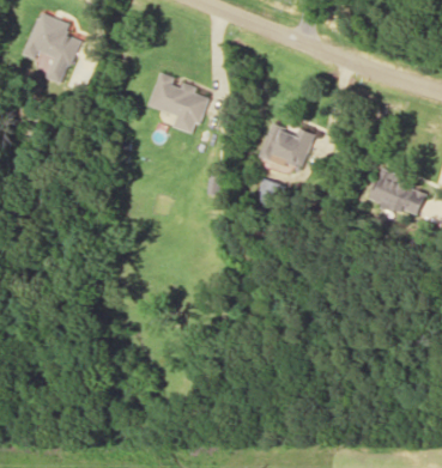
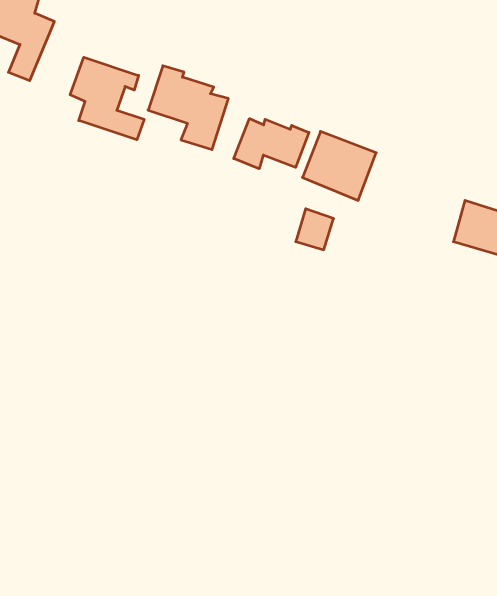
building: none -> [70,57,144,140]
building: none -> [234,119,309,169]

